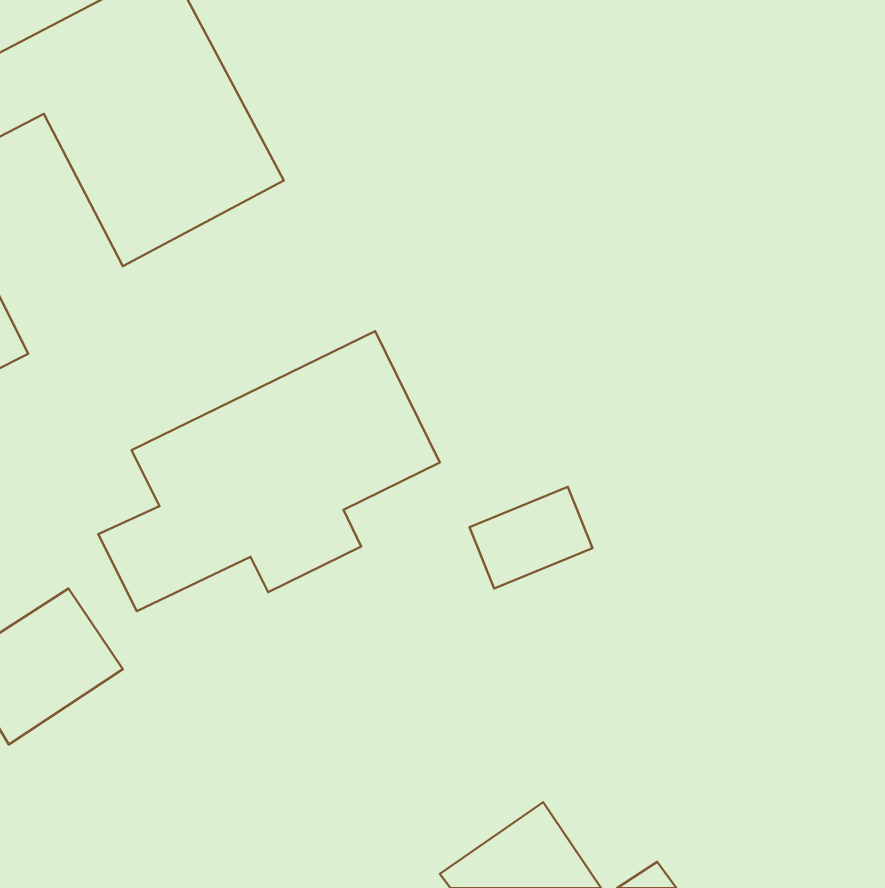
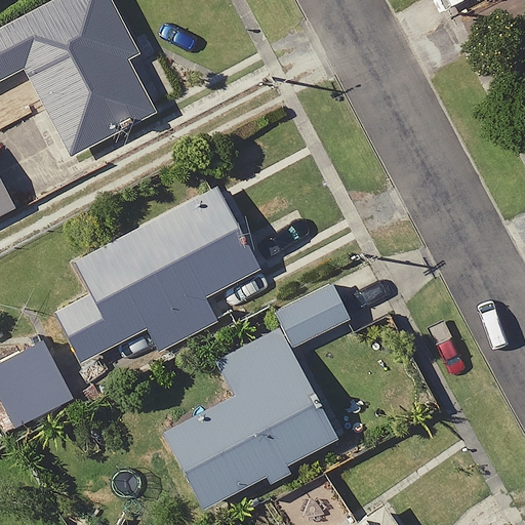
building: none -> [163,327,336,511]

